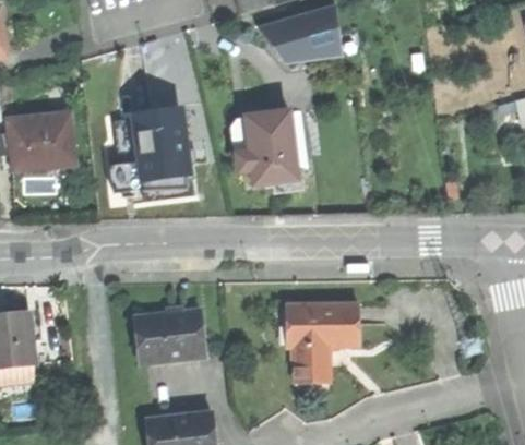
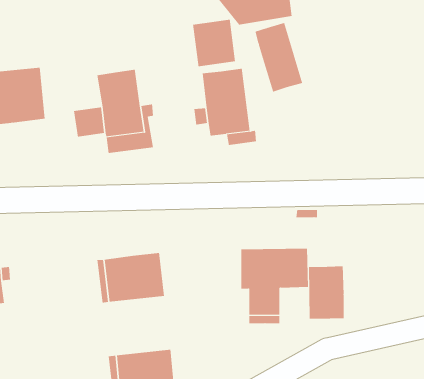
building: none -> [193,19,236,67]
building: none -> [255,22,303,92]
building: none -> [308,266,344,320]

